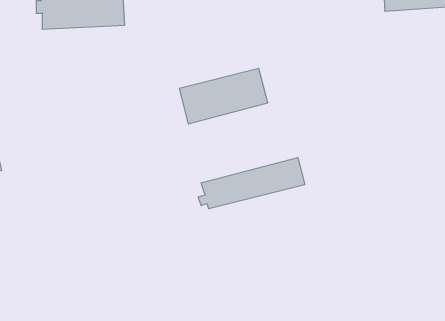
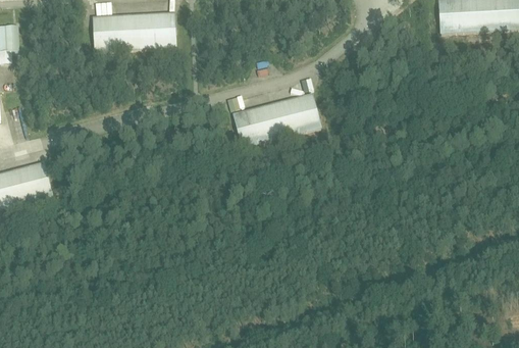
building: [198,158,305,209] -> none

